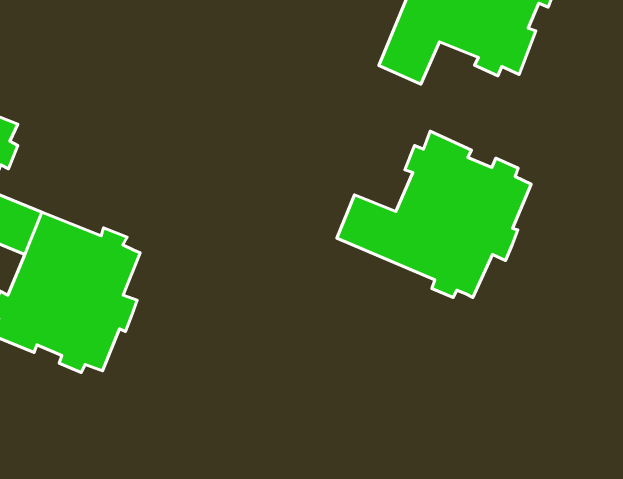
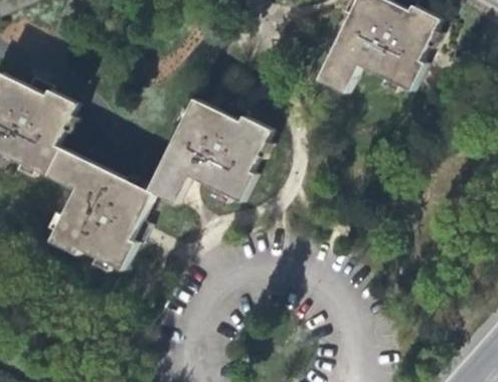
building: none -> [147,98,269,202]
building: [337,131,531,298] -> none

